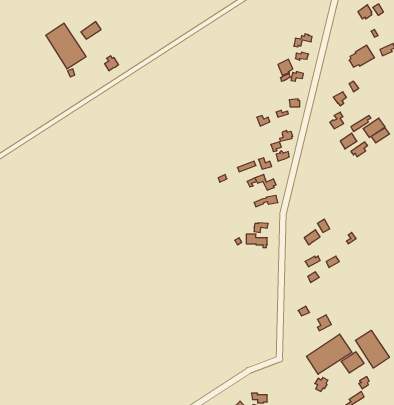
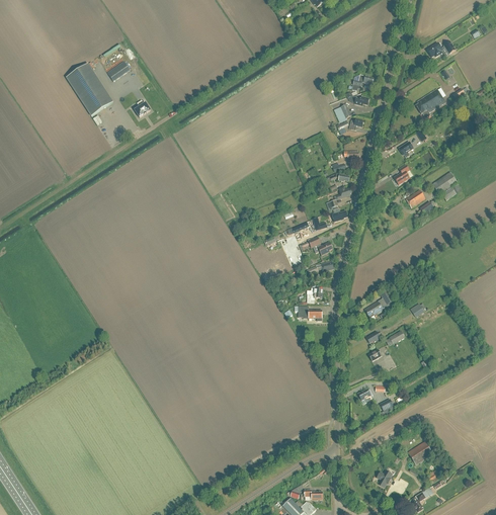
building: [355,330,389,368] -> none
building: [307,334,352,374] -> none

